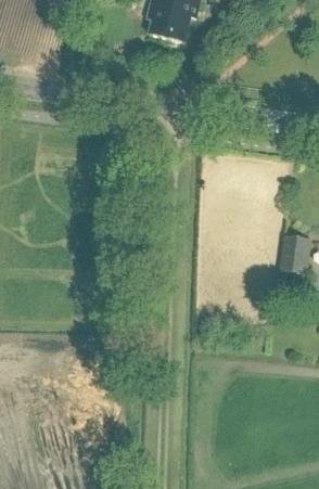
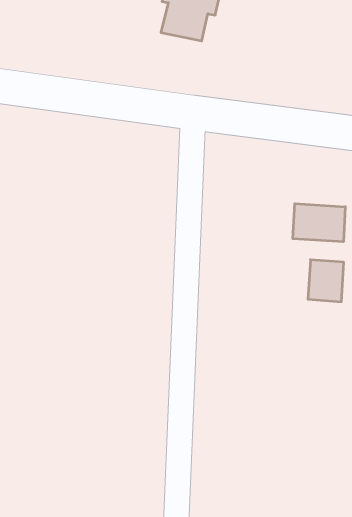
building: none -> [293,204,345,242]

